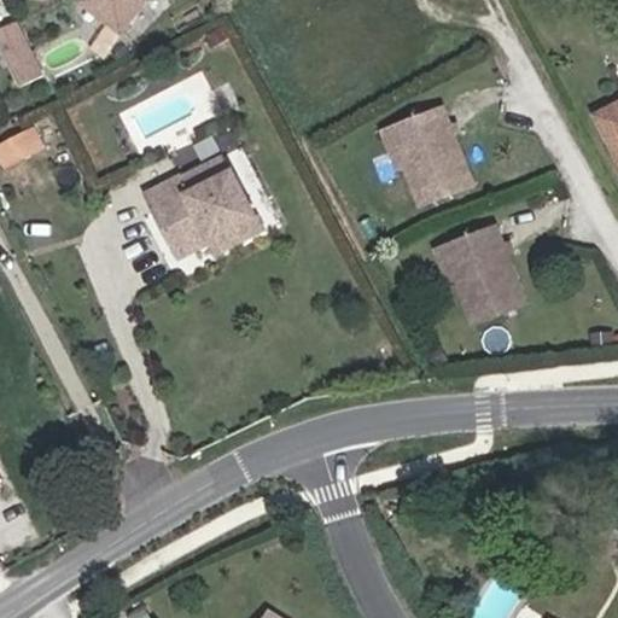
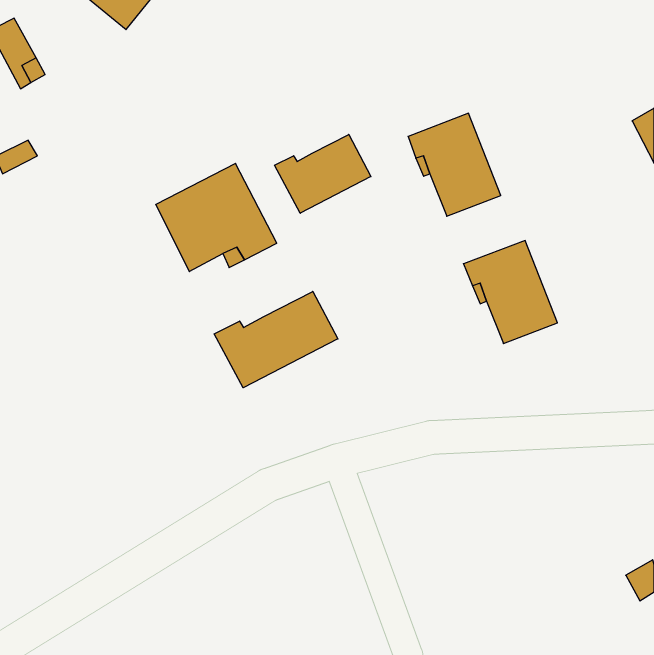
building: none -> [275,134,371,213]
building: none -> [214,291,338,388]

